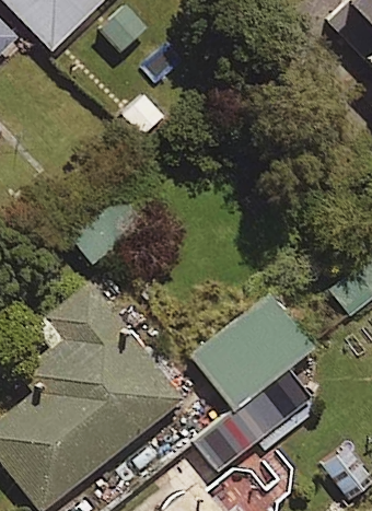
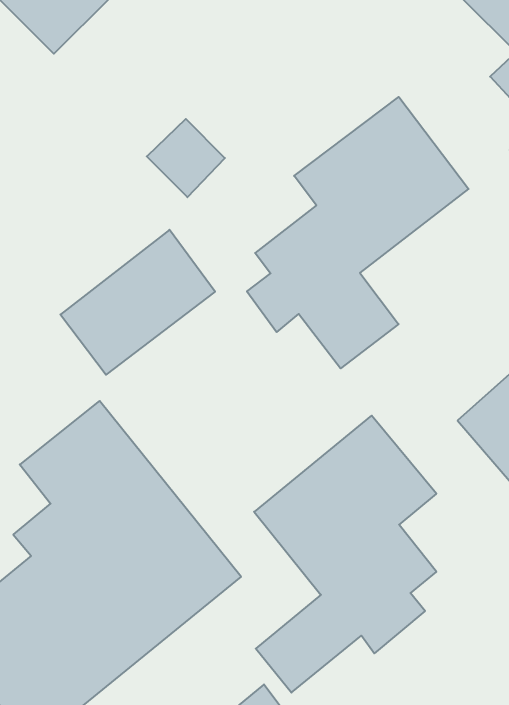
building: none -> [247,97,469,368]

